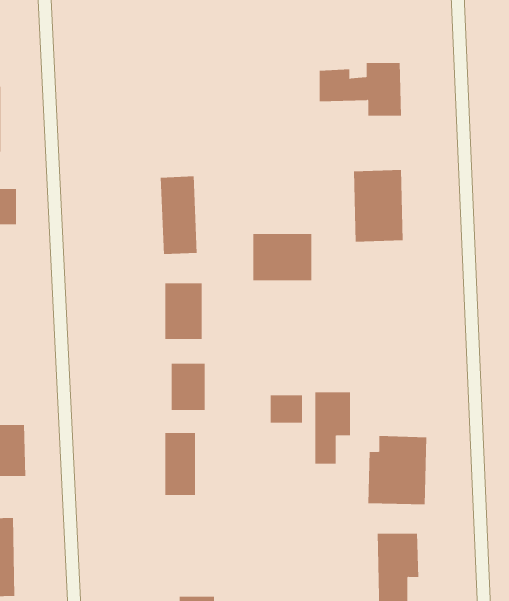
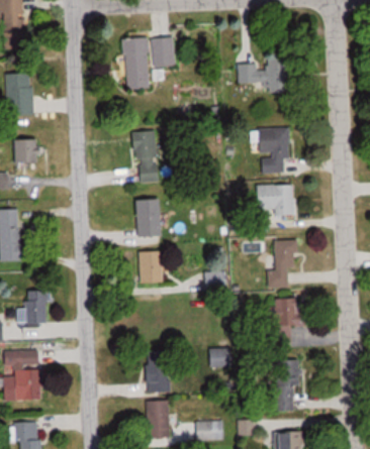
building: none -> [123,37,175,90]
building: [253,233,312,281] -> [255,185,293,215]
building: [315,392,351,464] -> [274,240,297,287]
building: [164,433,196,496] -> [147,351,167,391]
building: none -> [207,348,230,366]

